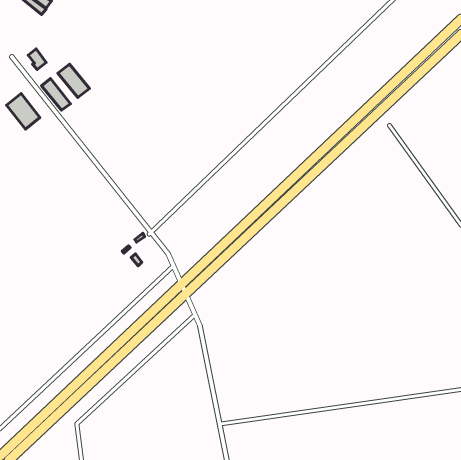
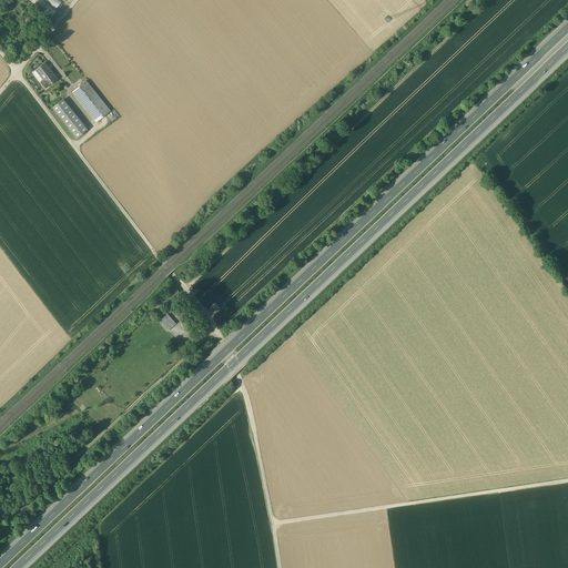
building: [7,93,40,129] -> none

